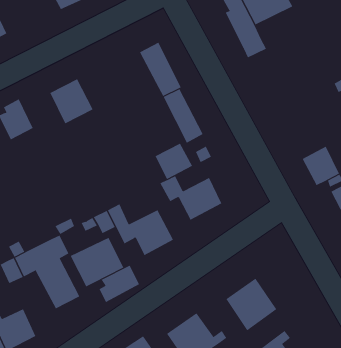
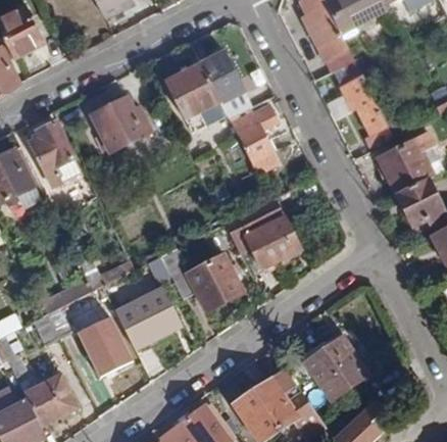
building: none -> [168,64,220,117]
building: none -> [343,77,394,149]
building: none -> [380,133,434,193]
building: [155,143,193,180] -> none
building: [99,265,140,303] -> none

